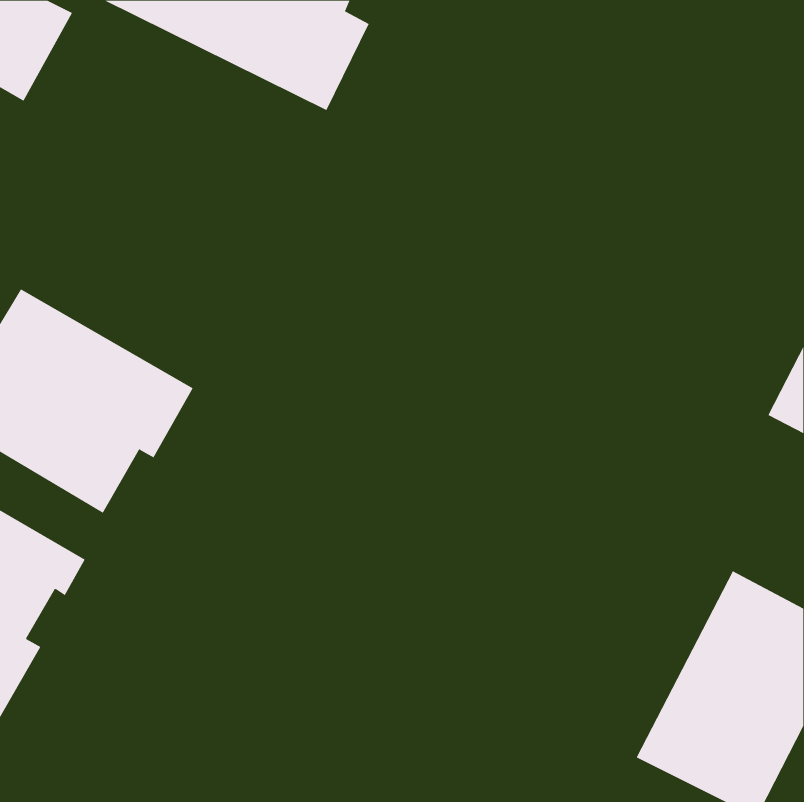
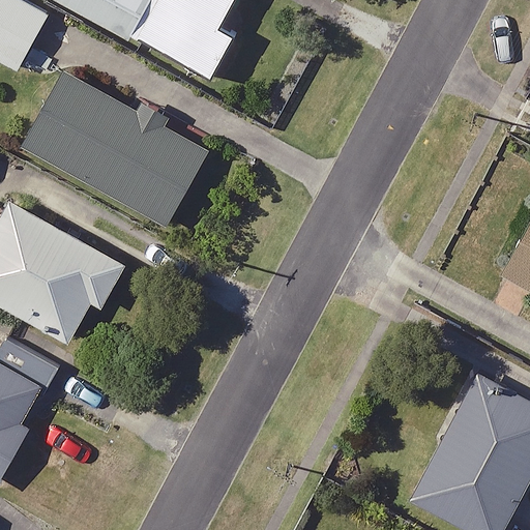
building: none -> [25,73,204,224]

